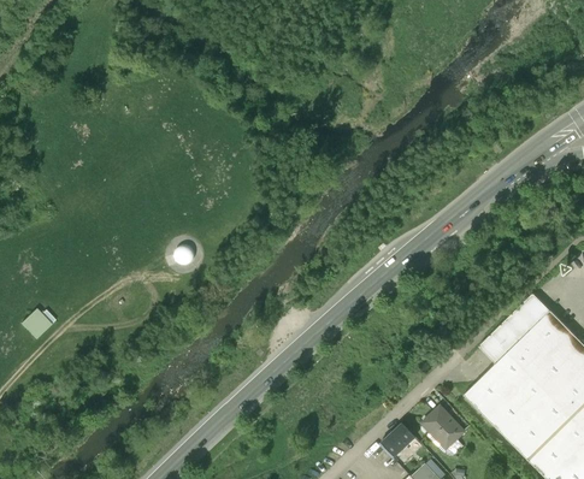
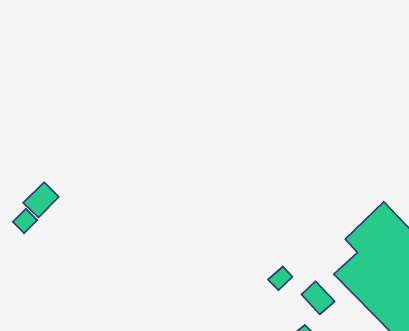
building: none -> [23,182,59,217]
building: [379,424,413,456] -> [268,266,292,290]

